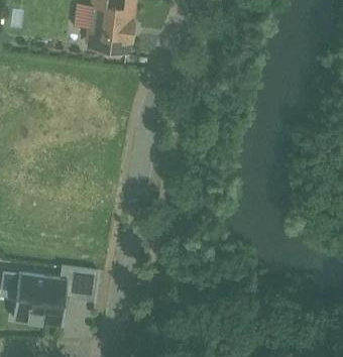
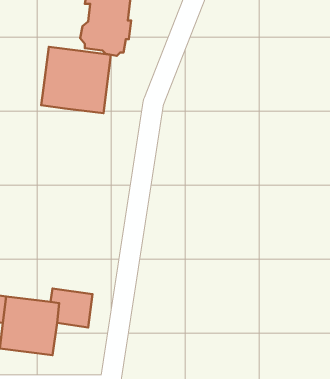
building: none -> [41,47,111,113]

